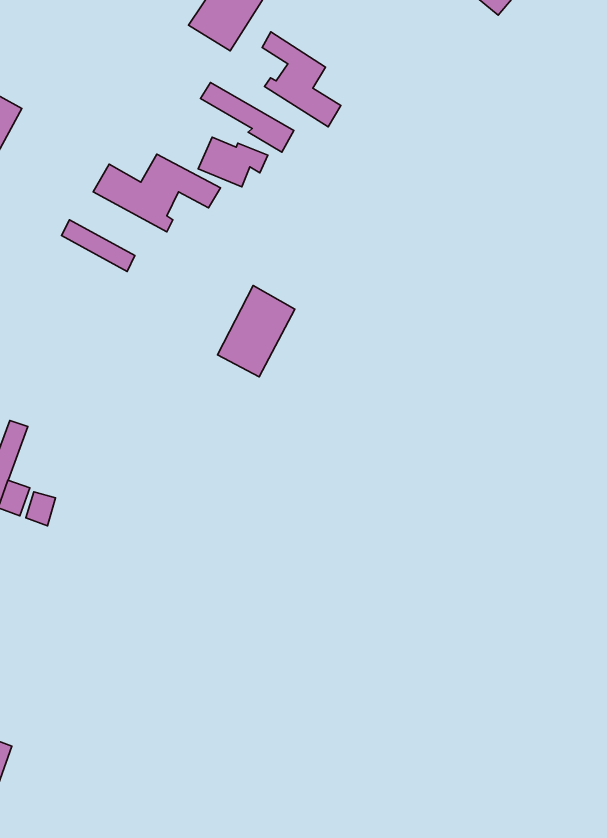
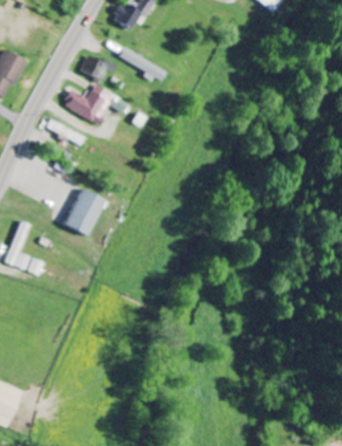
building: [262,32,341,127] -> none
building: [198,137,268,187] -> [81,55,116,81]
building: [218,285,295,377] -> [63,189,103,236]

